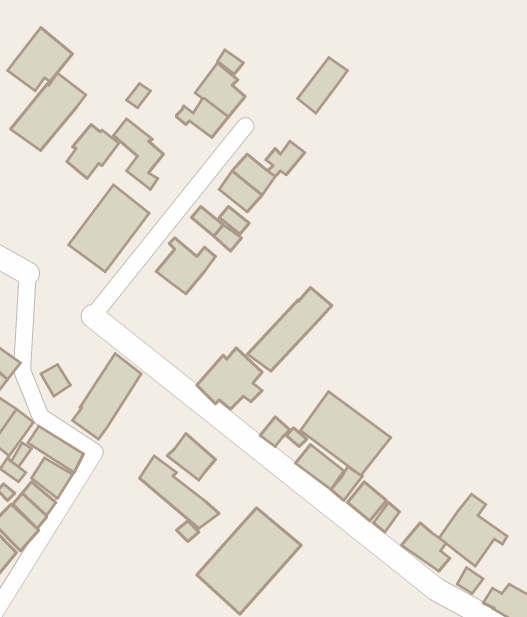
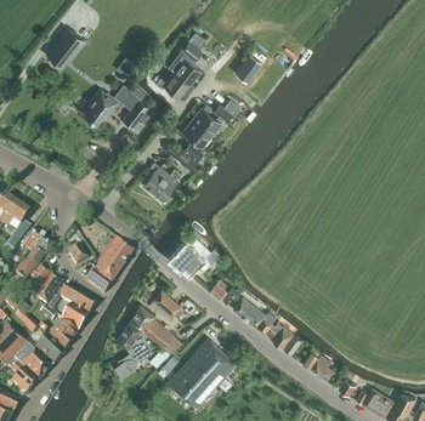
building: [10,73,86,151] -> none
building: [68,185,149,272] -> none
building: [248,288,332,371] -> none
building: [301,392,391,475] -> none
building: none -> [115,319,153,375]
building: [439,494,507,566] -> none

